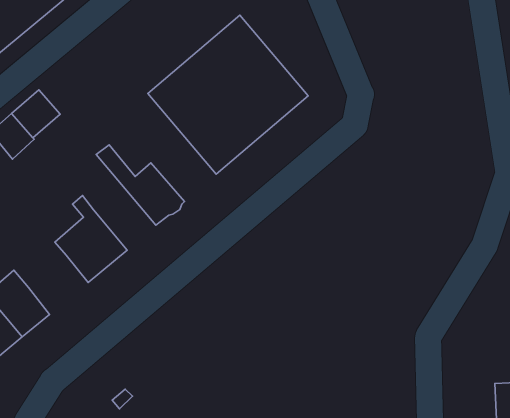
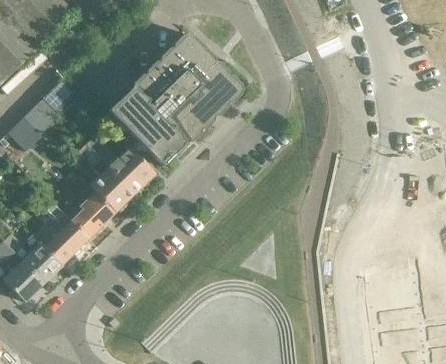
building: none -> [39,82,76,119]
building: none -> [105,99,175,170]
building: none -> [76,147,133,216]
building: none -> [42,206,86,268]

